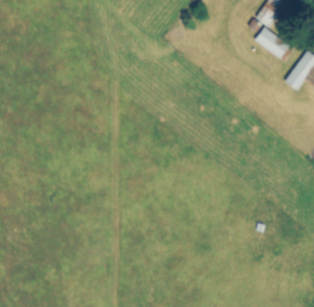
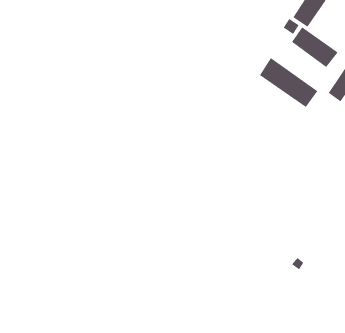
building: none -> [259,57,318,108]

